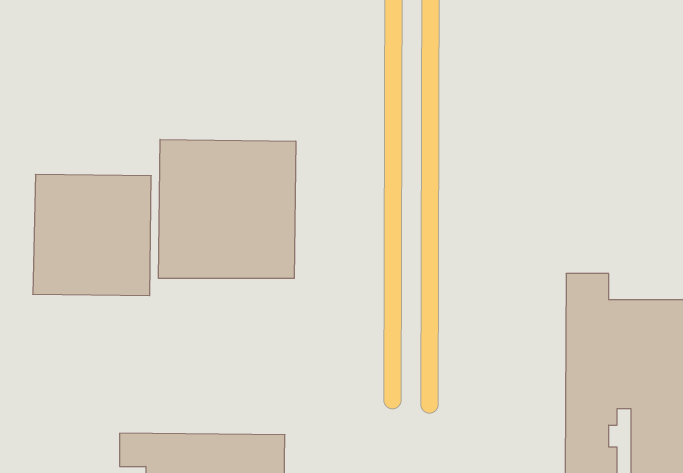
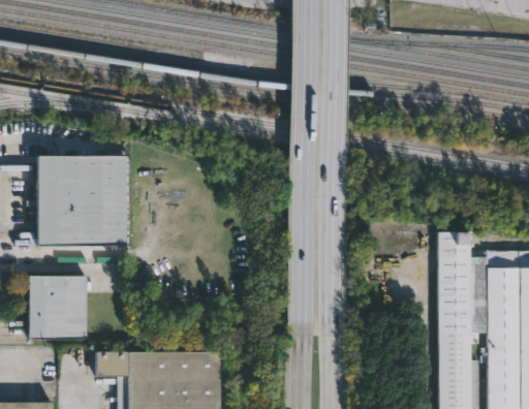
building: [158,139,296,278] -> none
building: none -> [30,278,87,341]

